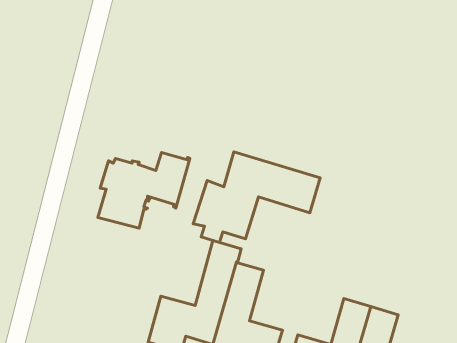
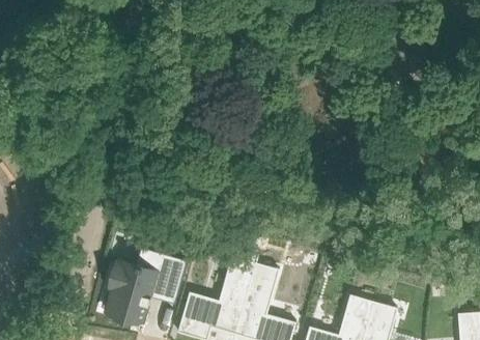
building: [193,152,320,243] -> none
building: [98,153,190,228] -> [106,256,187,322]

